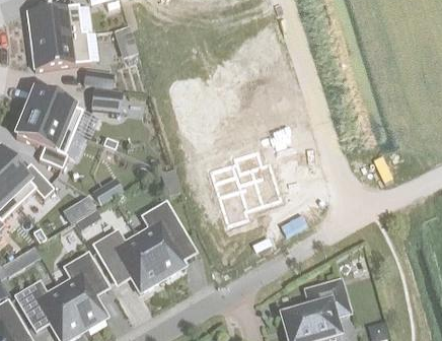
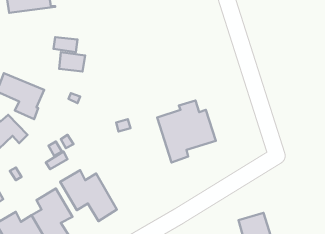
building: [30,32,90,69] -> none
building: [24,90,82,133] -> none
building: [136,202,186,278] -> none

